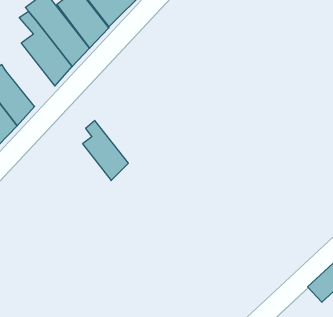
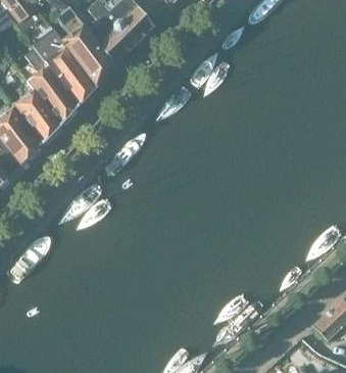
building: [83,120,128,181] -> [13,82,59,142]

